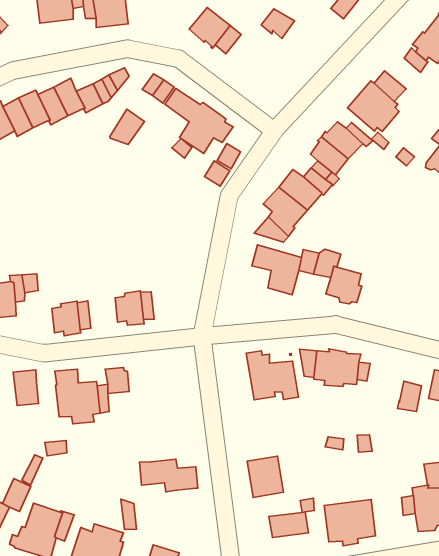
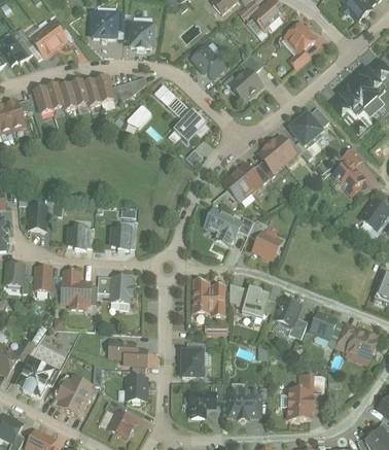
building: none -> [232,67,261,99]
building: none -> [275,298,300,328]
building: none -> [110,276,133,301]
building: none -> [127,376,146,402]

